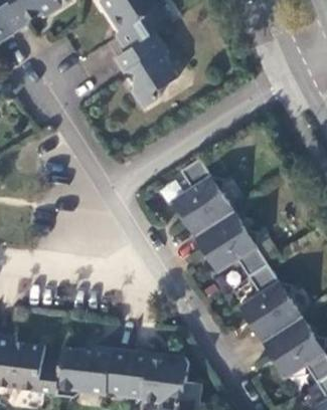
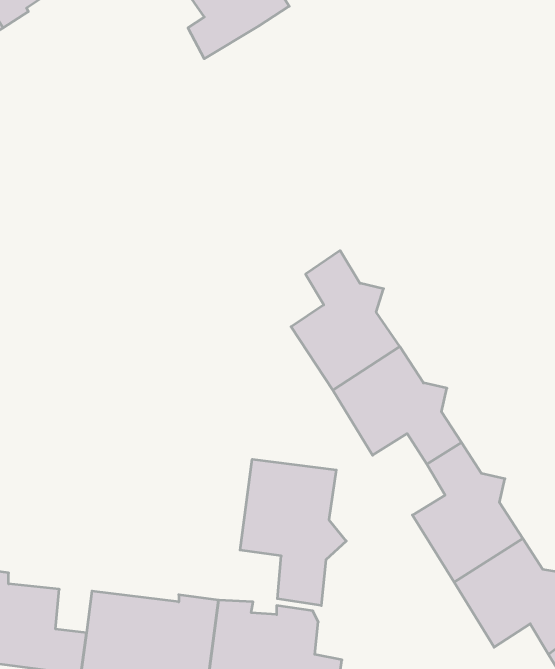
building: [116,33,176,109] -> none
building: none -> [240,459,346,606]

